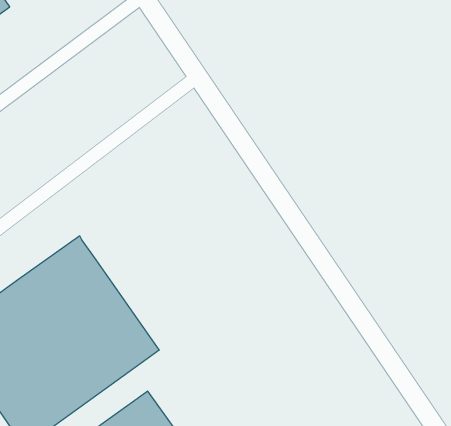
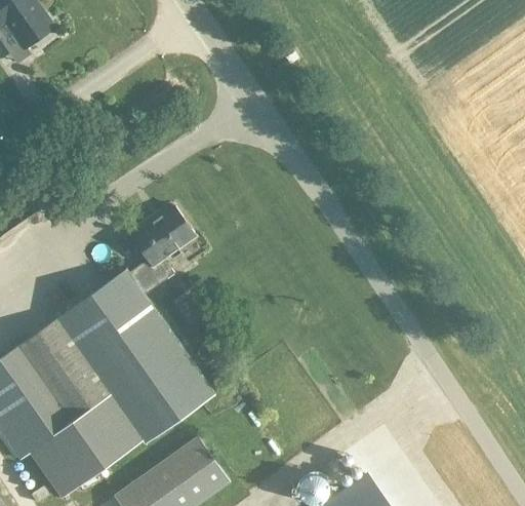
building: none -> [127,205,196,296]

